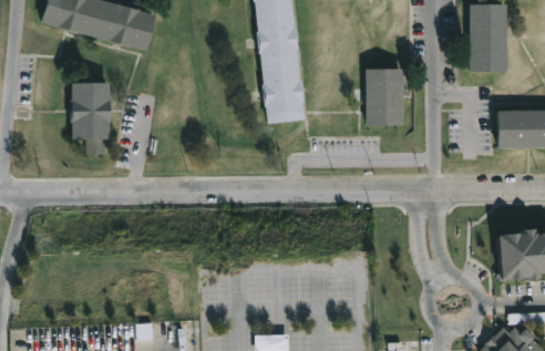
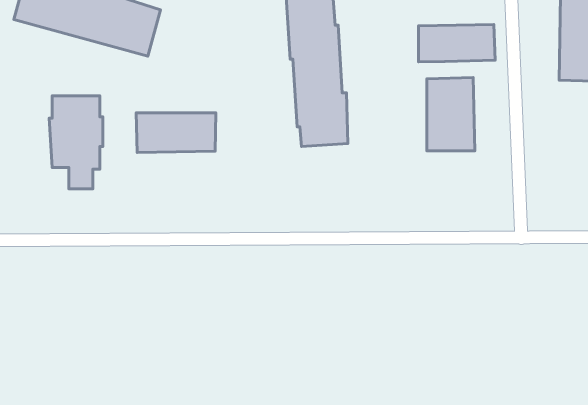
building: none -> [418,24,495,62]
building: none -> [136,113,216,152]

